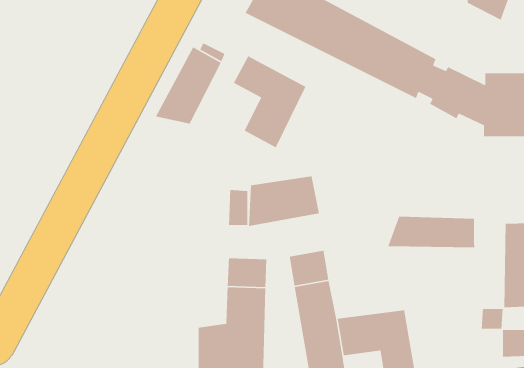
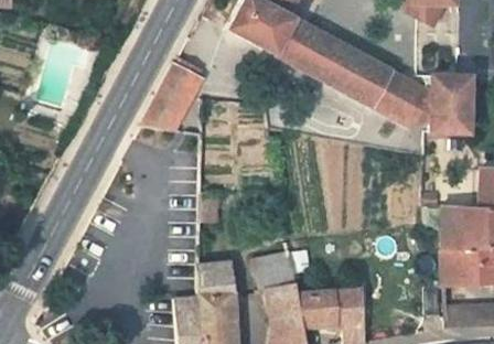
building: [233,55,307,148] -> none
building: [248,175,320,227] -> none
building: [387,216,475,248] -> none

